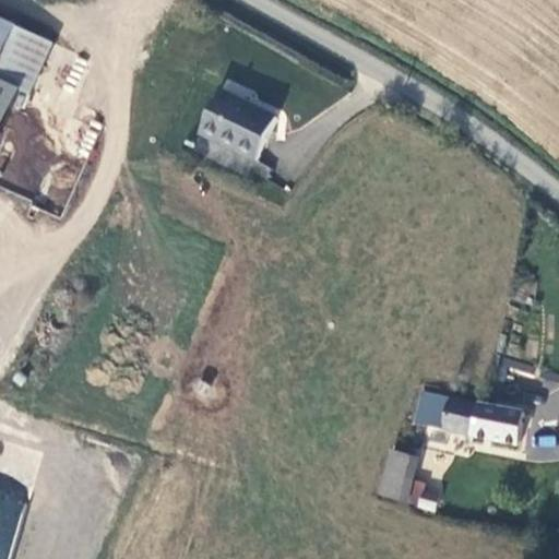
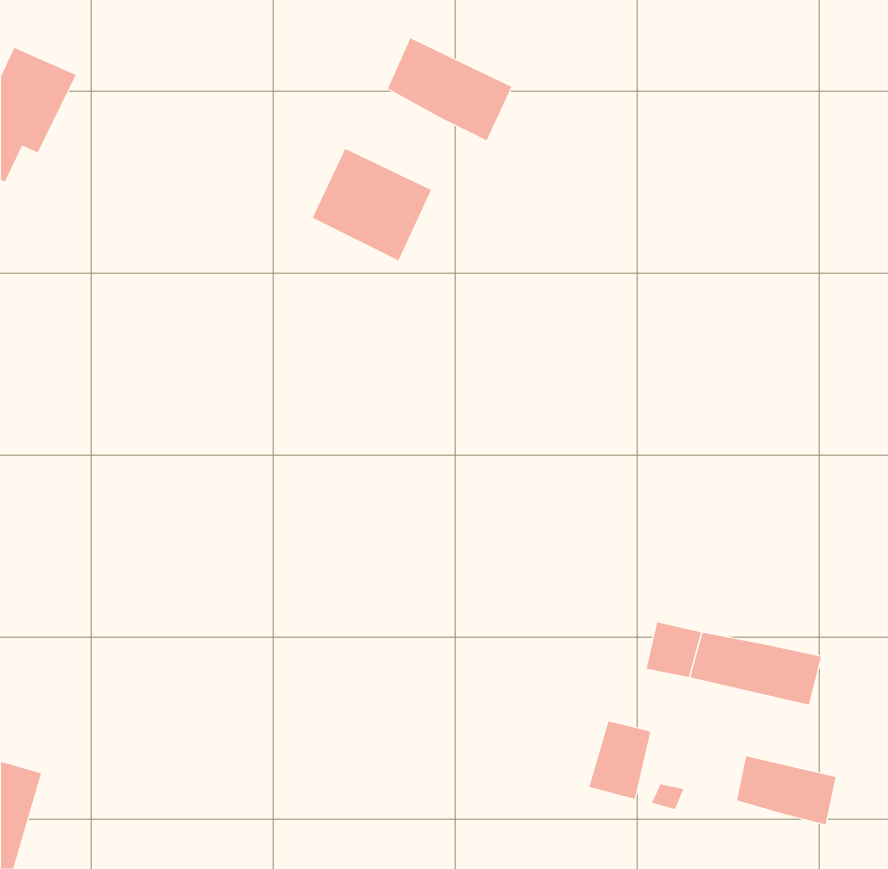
building: none -> [387,38,512,141]
building: none -> [736,755,836,825]

